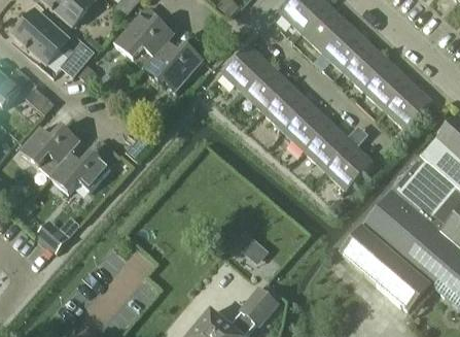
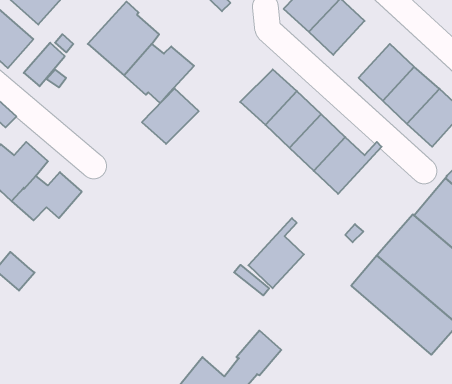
building: [323,23,371,71] -> none
building: [223,44,272,92] -> [142,88,199,144]
building: [327,130,375,190] -> [248,218,304,288]

